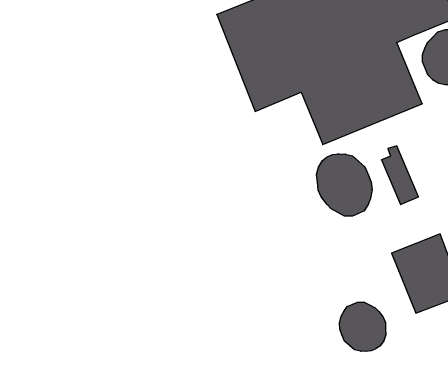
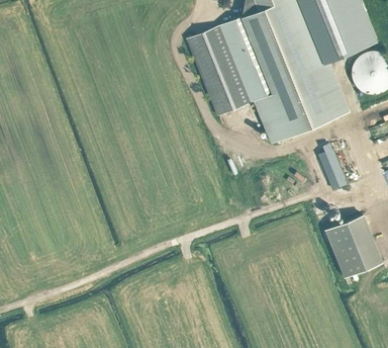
building: [317,154,372,216] -> none
building: [340,302,386,351] -> none

